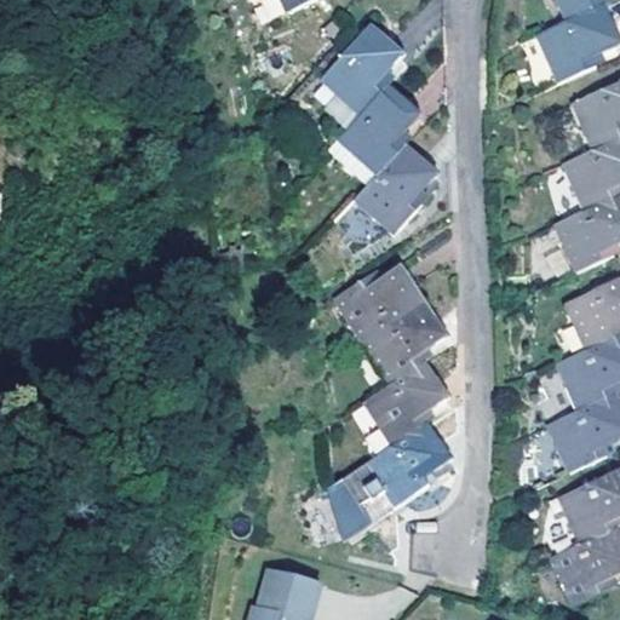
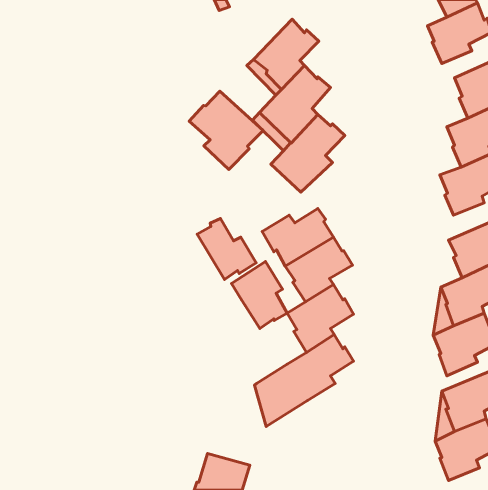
building: none -> [189,91,263,170]
building: none -> [197,218,256,280]
building: none -> [231,262,287,329]

